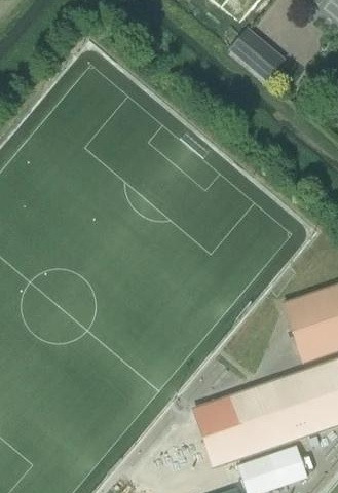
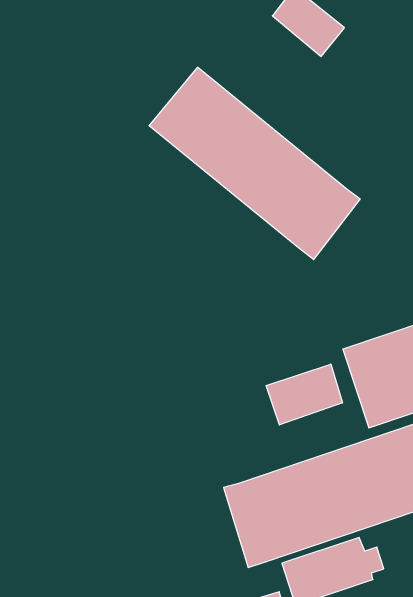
building: none -> [149,67,360,260]
building: none -> [266,364,342,425]

